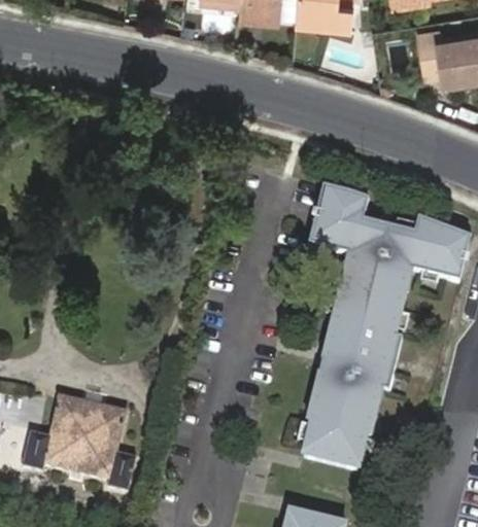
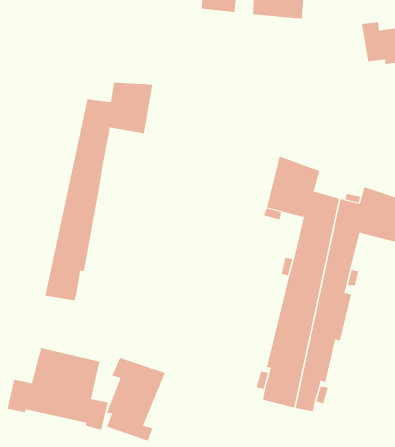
building: none -> [45,82,153,301]
building: none -> [106,357,166,442]

